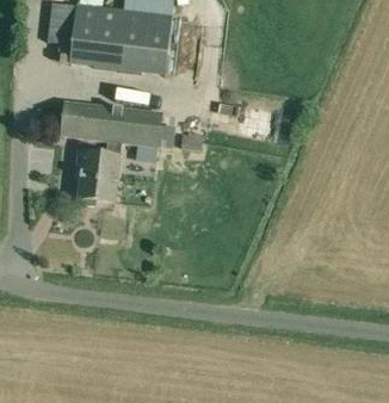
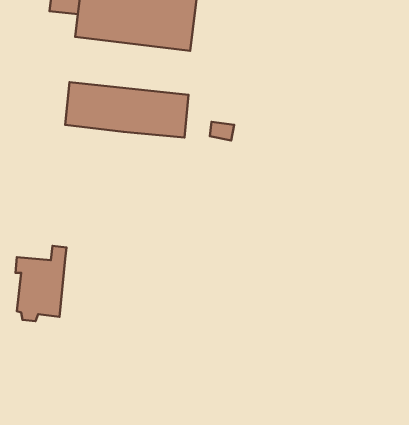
building: [78,142,121,205] -> [15,246,67,321]

